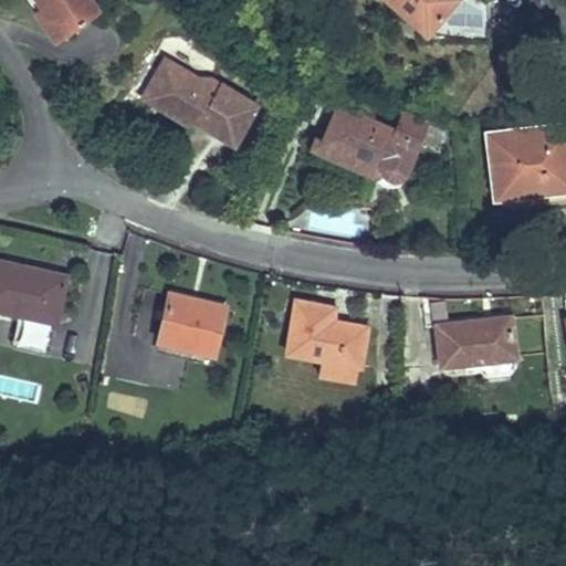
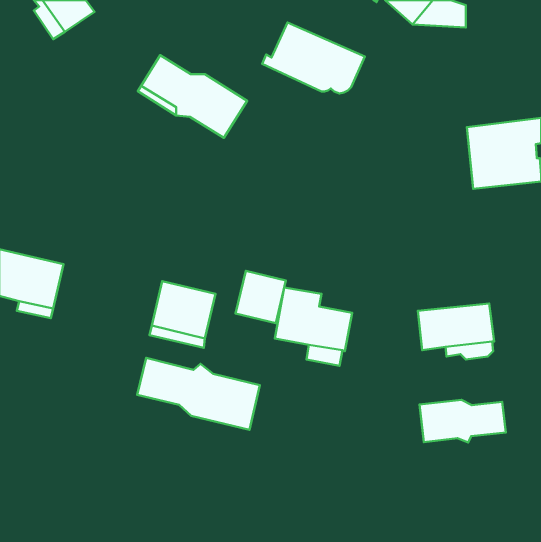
building: [312,104,419,178] -> [262,23,365,94]
building: none -> [235,271,286,323]
building: none -> [137,358,260,430]
building: none -> [419,400,506,443]

